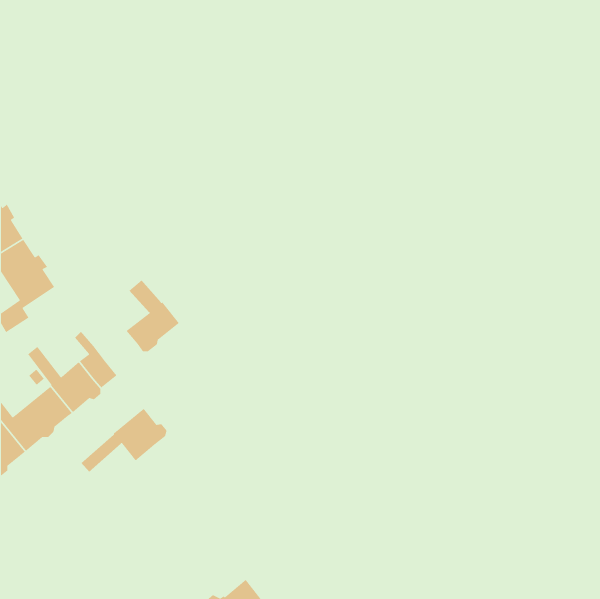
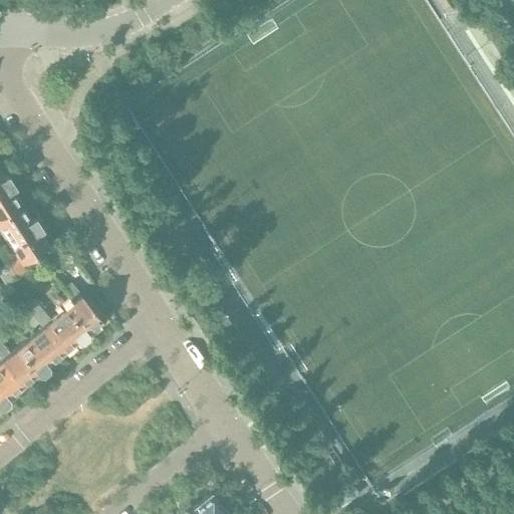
building: [126,280,180,352] -> none
building: [80,408,167,472] -> none

